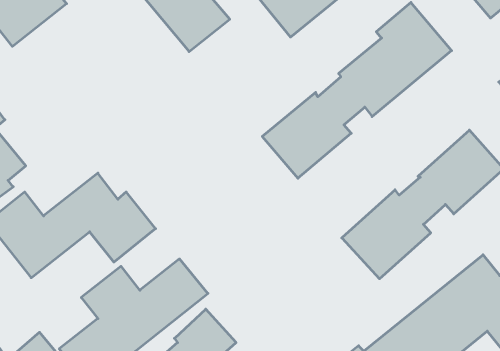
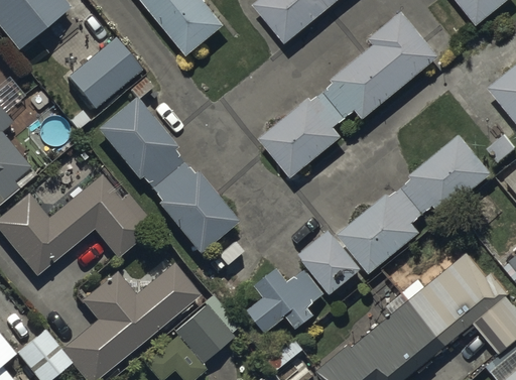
building: none -> [67,38,141,109]
building: none -> [96,97,239,255]
building: none -> [246,231,363,336]

